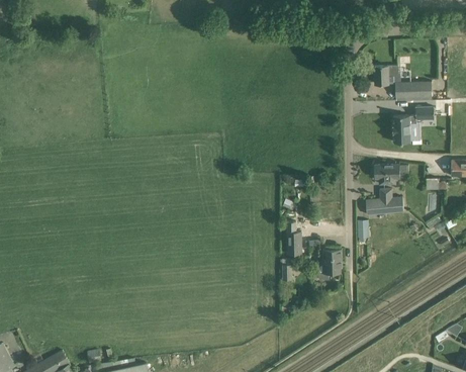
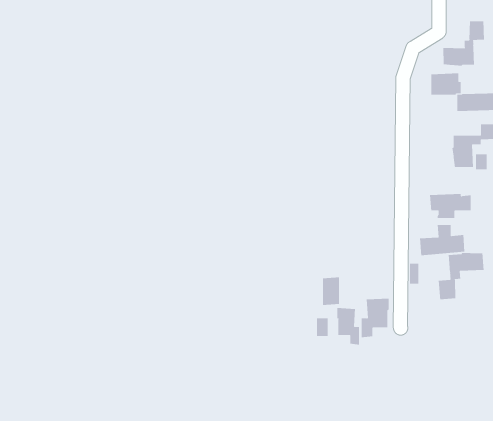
building: none -> [443,20,484,67]
building: none -> [438,252,484,300]
building: none -> [337,307,360,345]

